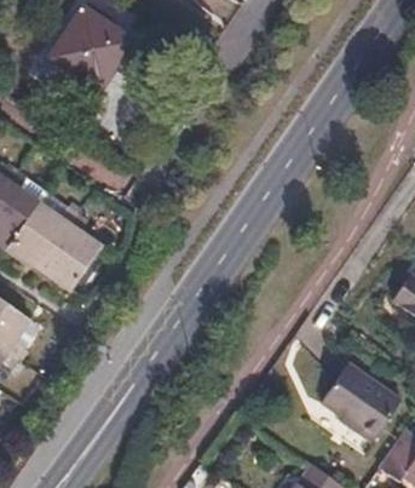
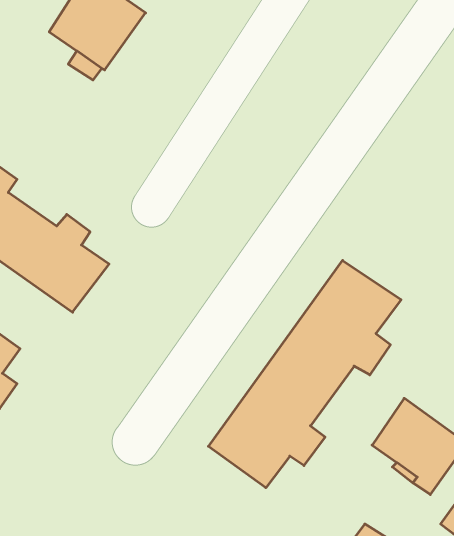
building: none -> [208,260,401,488]

